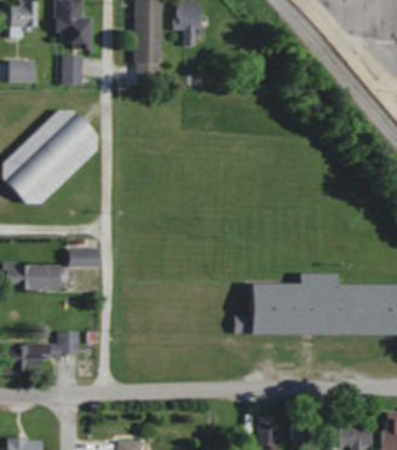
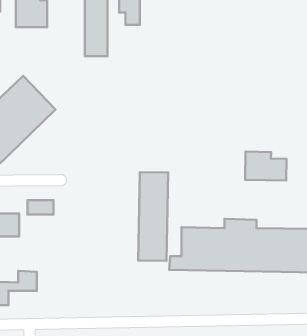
building: [61,56,84,85] -> none
building: none -> [245,152,287,181]
building: none -> [138,172,168,261]

